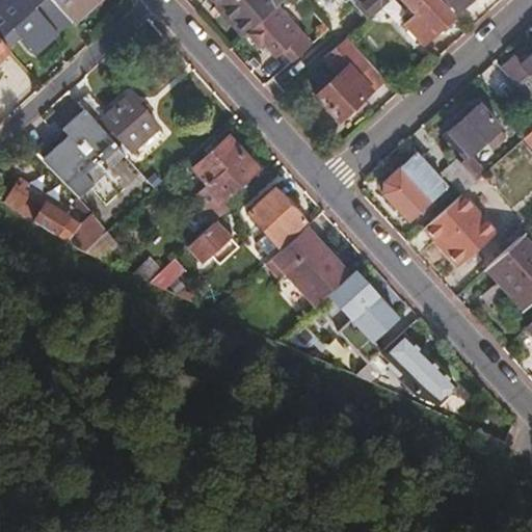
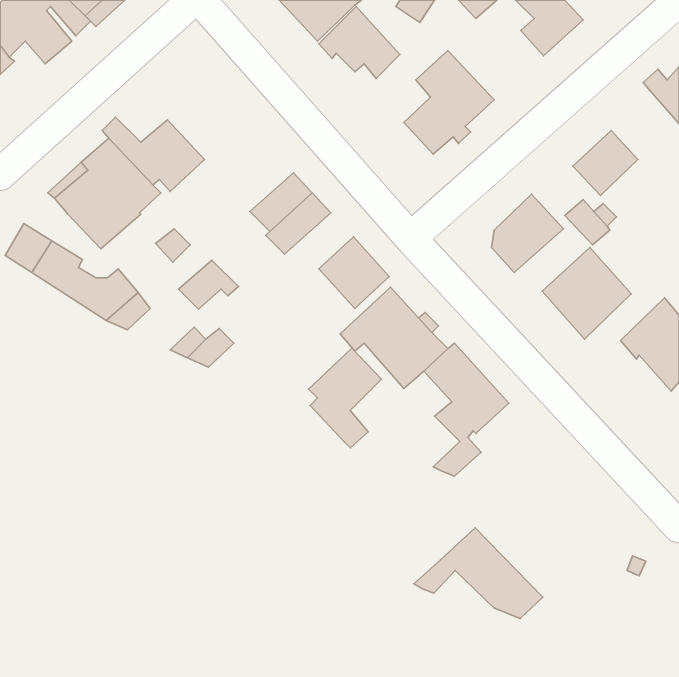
building: [188,220,235,259] -> [179,260,238,309]
building: none -> [309,348,381,448]
building: [355,330,456,401] -> [414,528,543,618]

